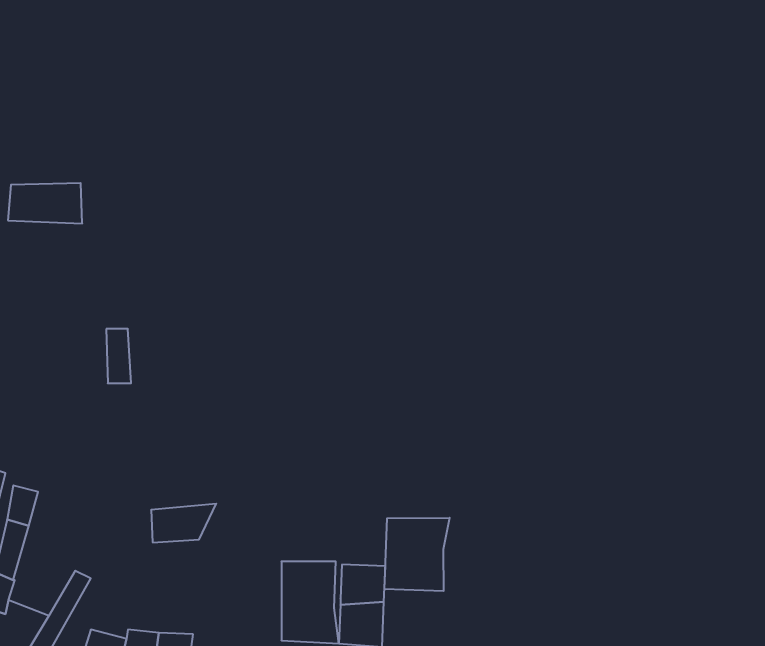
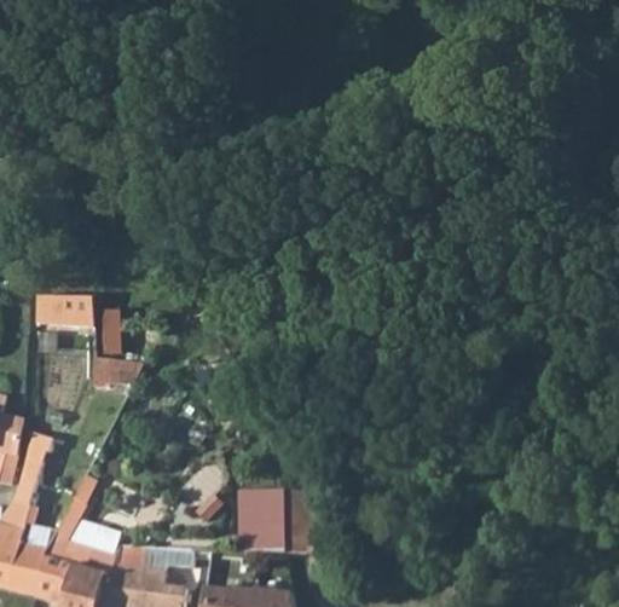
building: [8,183,82,223] -> [35,293,93,324]
building: [151,504,216,542] -> [94,358,145,388]
building: [385,518,450,591] -> none

